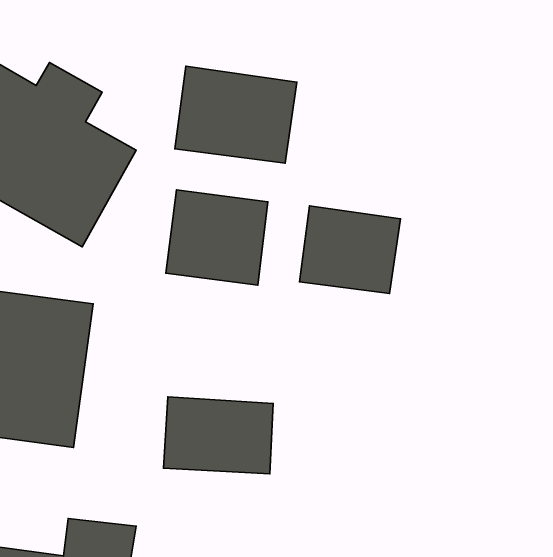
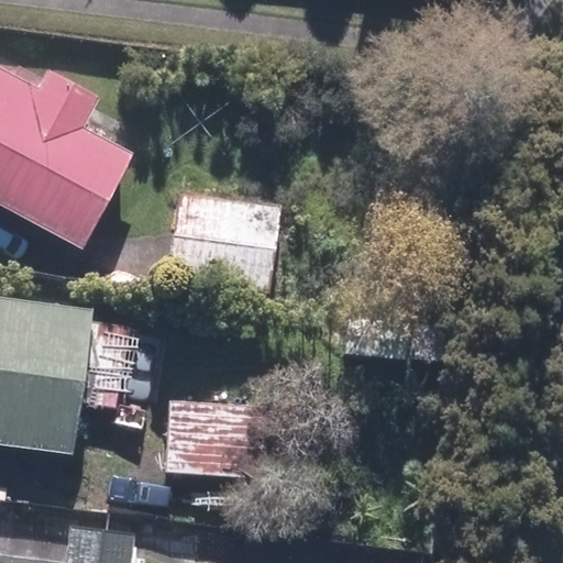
building: [175,66,297,163] -> none
building: [299,206,400,294] -> none

